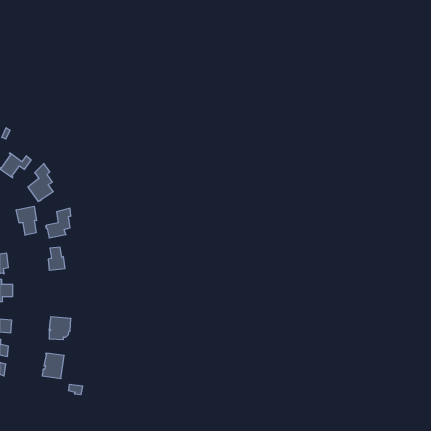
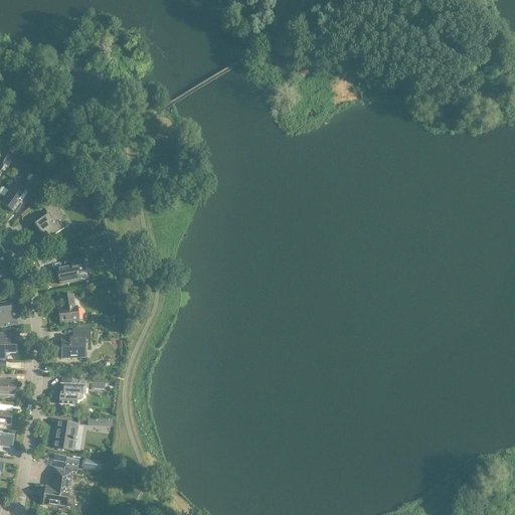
building: [16,206,36,235] -> none
building: none -> [59,327,89,357]
building: none -> [41,457,77,506]

